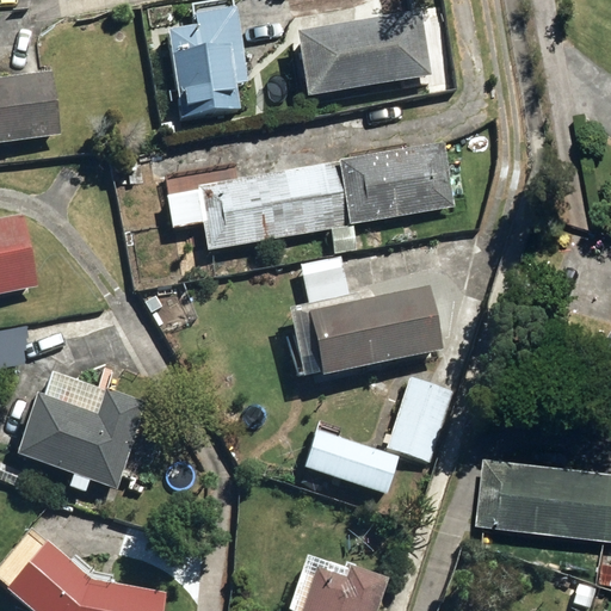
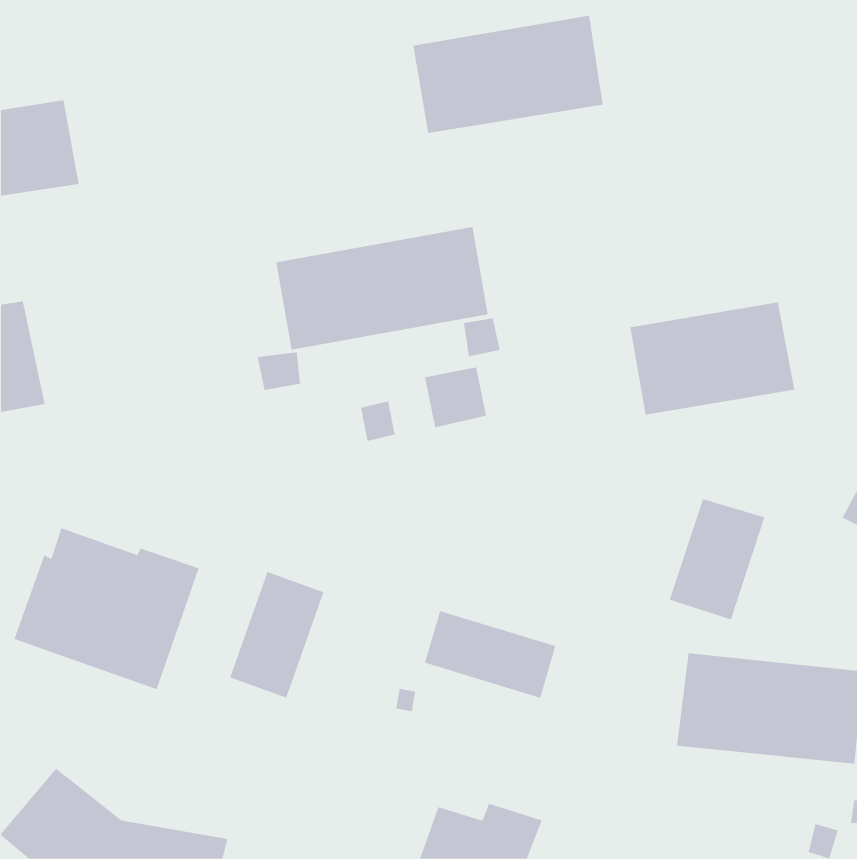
building: [167,5,248,116] -> none
building: [339,142,456,222] -> [630,302,795,415]
building: [307,285,440,375] -> none
building: [387,376,455,462] -> [669,498,765,620]
building: none -> [230,571,324,699]

